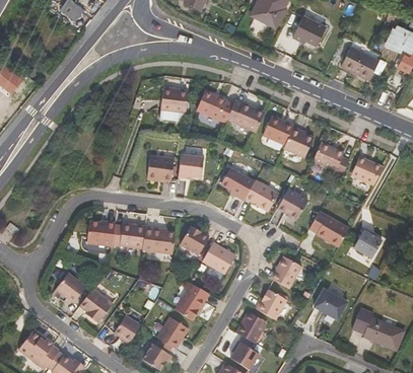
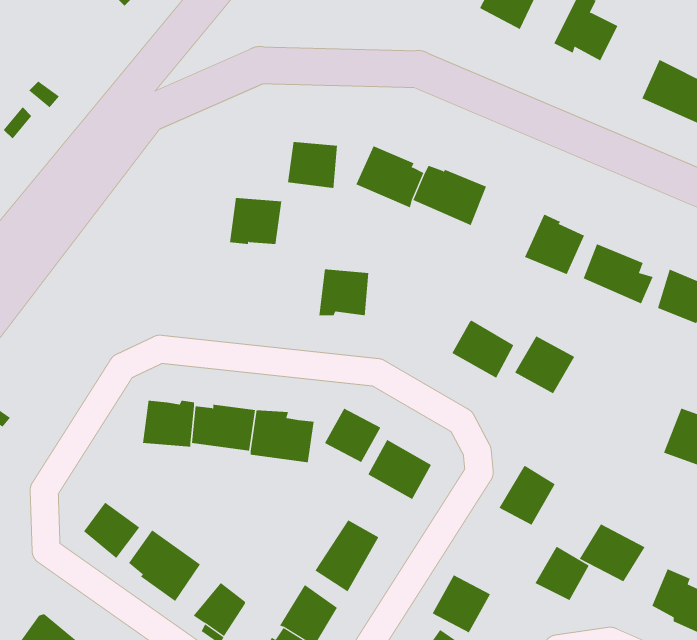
building: [263,114,293,143] -> none
building: [145,156,173,180] -> [229,197,282,244]
building: [221,166,254,200] -> none
building: [309,209,346,243] -> none
building: [255,288,283,316] -> [535,546,589,601]

